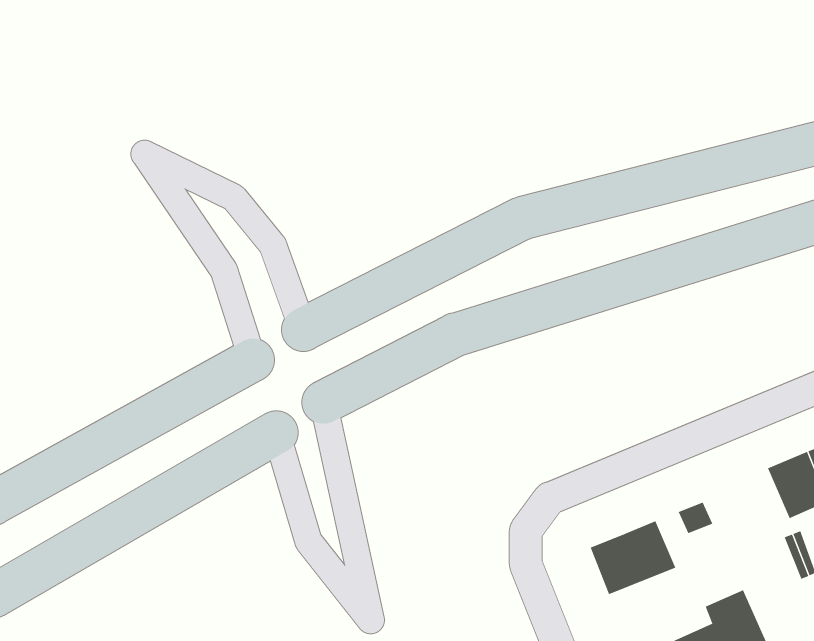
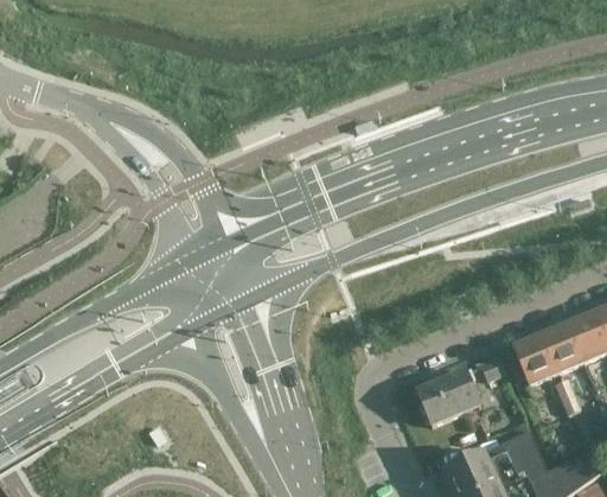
building: none -> [513,336,556,382]

